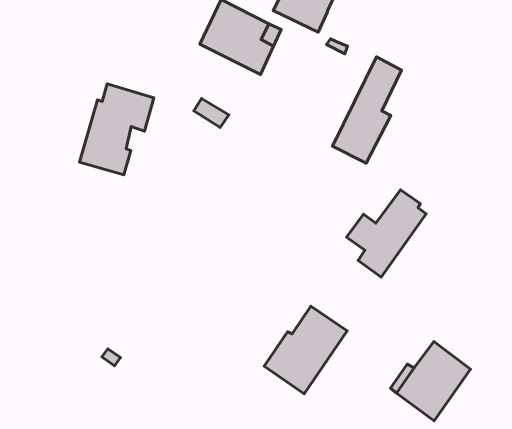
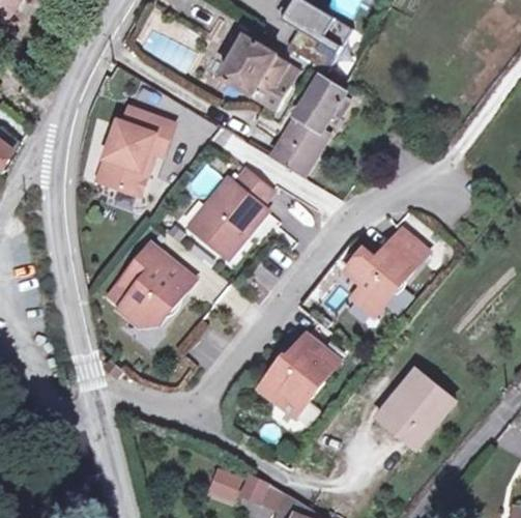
building: [332,57,401,163] -> [268,76,340,176]
building: none -> [191,168,270,256]
building: none -> [107,242,193,325]

